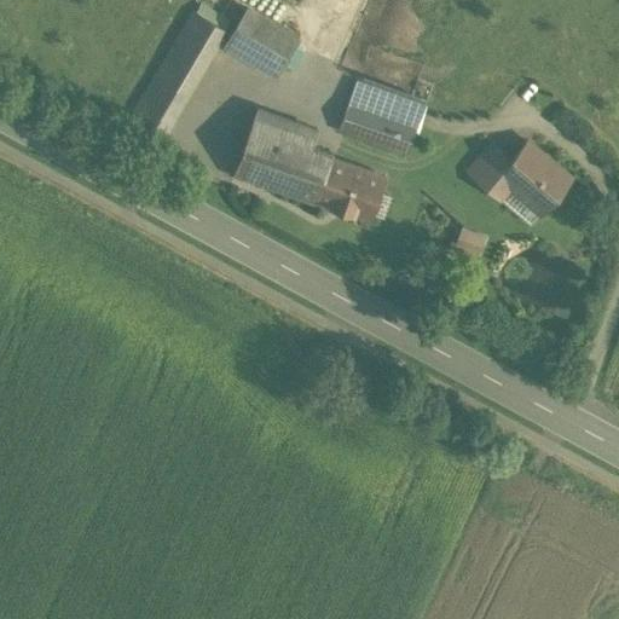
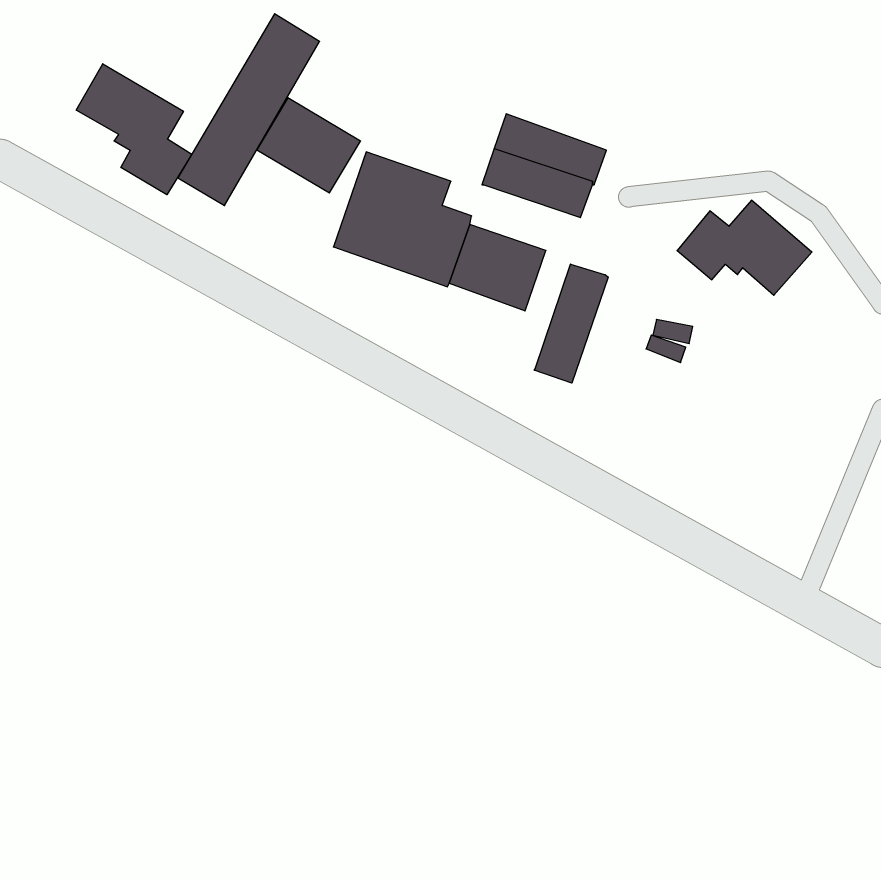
building: [226,8,299,75] -> [257,98,361,193]
building: none -> [76,64,192,195]
building: none -> [534,264,608,383]

